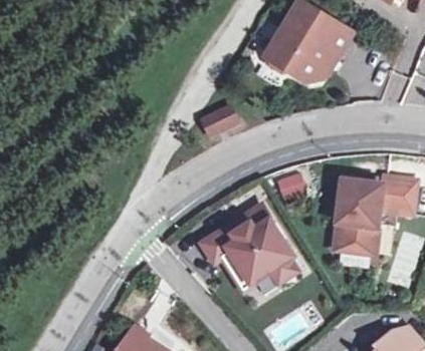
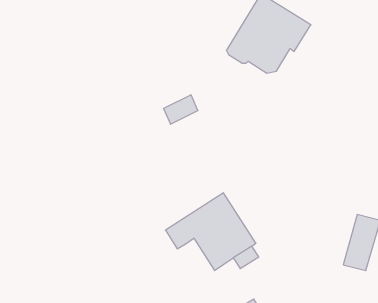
building: [336,177,416,254] -> none

